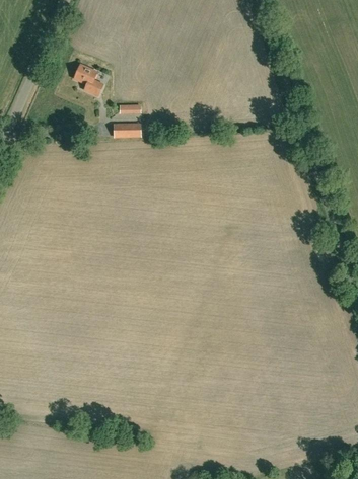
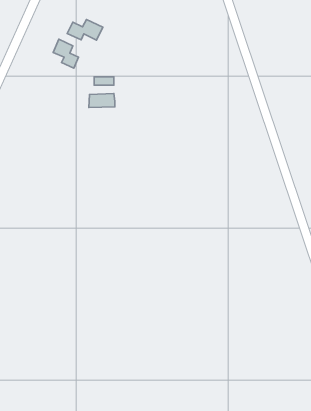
building: none -> [67,20,103,40]

